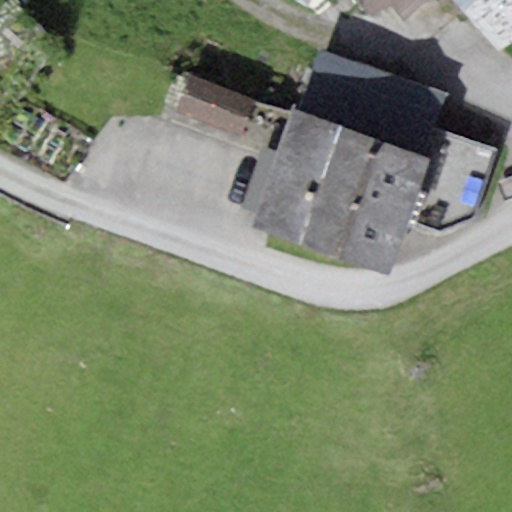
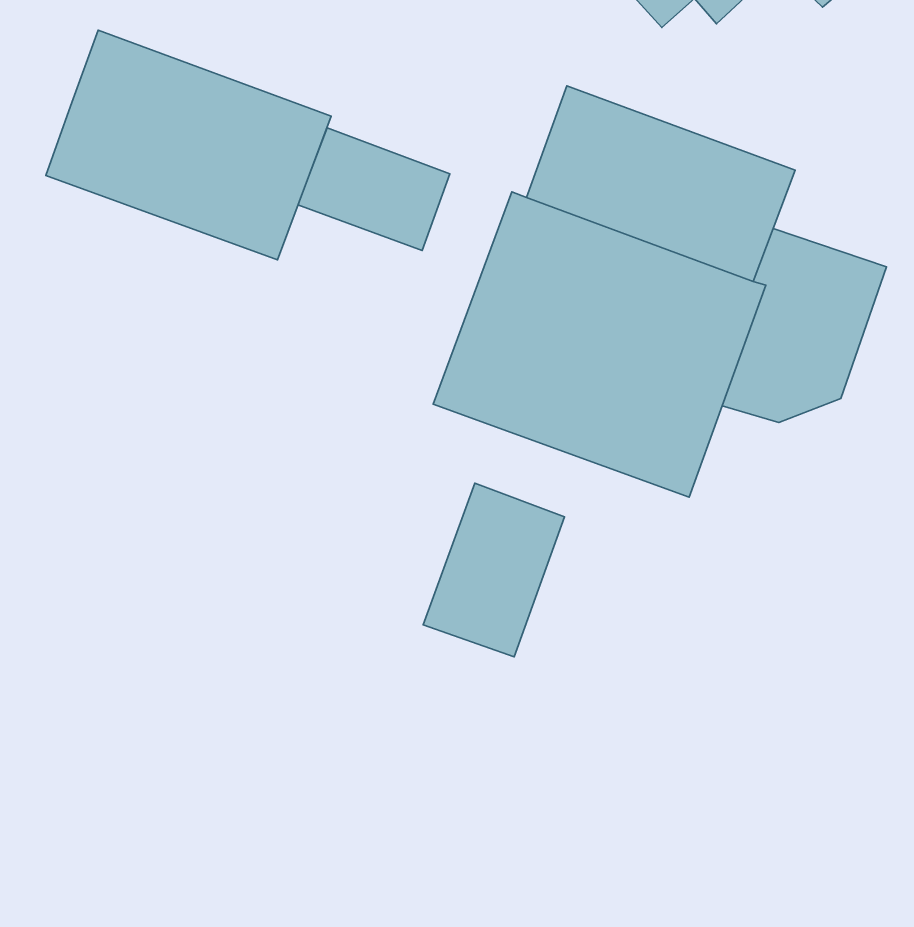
building: none -> [46,30,331,260]
building: none -> [423,483,564,657]

